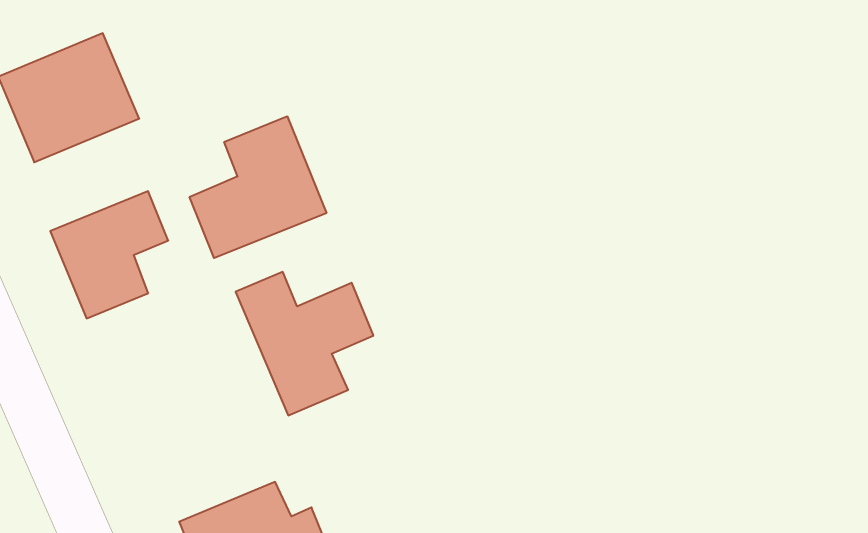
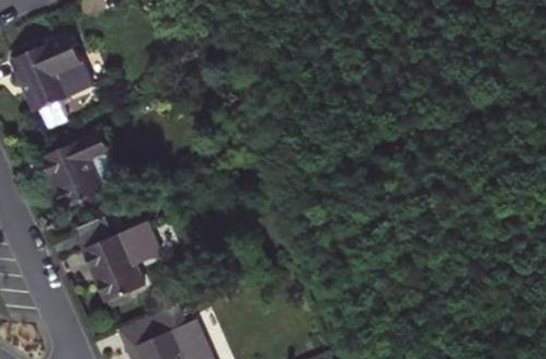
building: [190,116,326,258] -> none
building: [236,272,373,415] -> [77,216,160,302]

